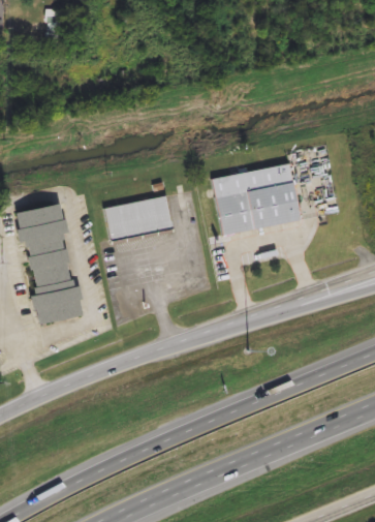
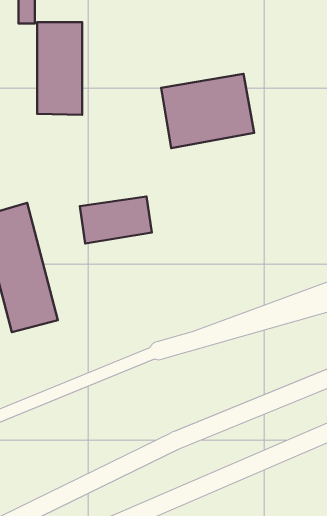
building: none -> [37,22,82,115]
building: [212,164,300,235] -> [161,74,254,148]

